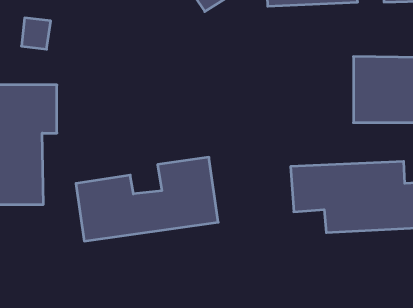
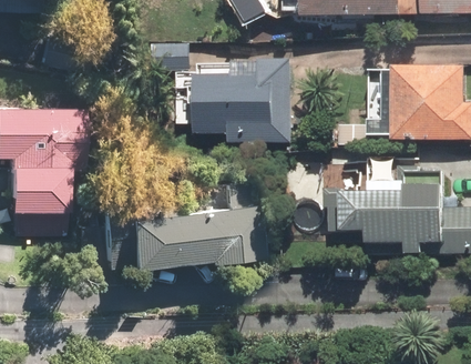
building: none -> [195,68,301,139]

